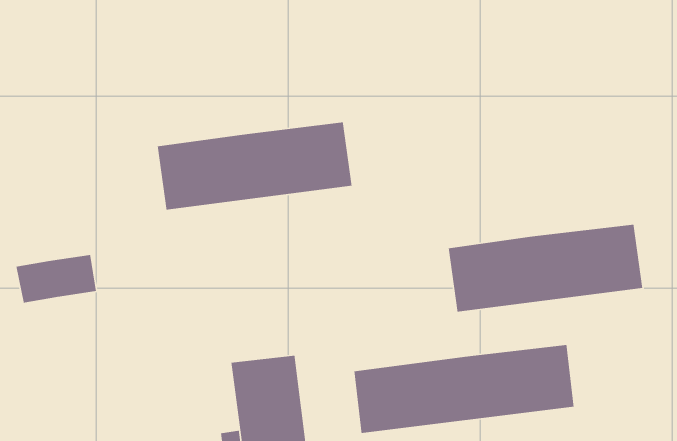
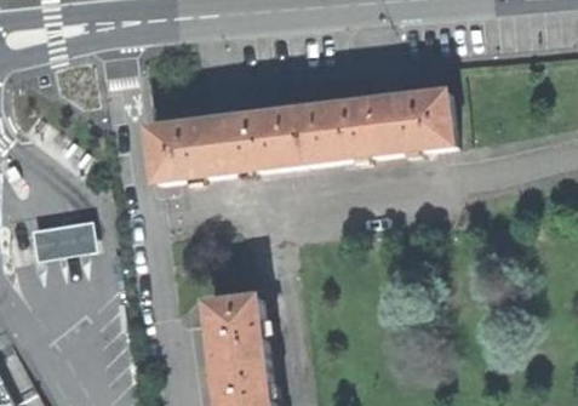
building: [448,224,643,313] -> [291,92,448,164]
building: [354,344,574,434] -> none

